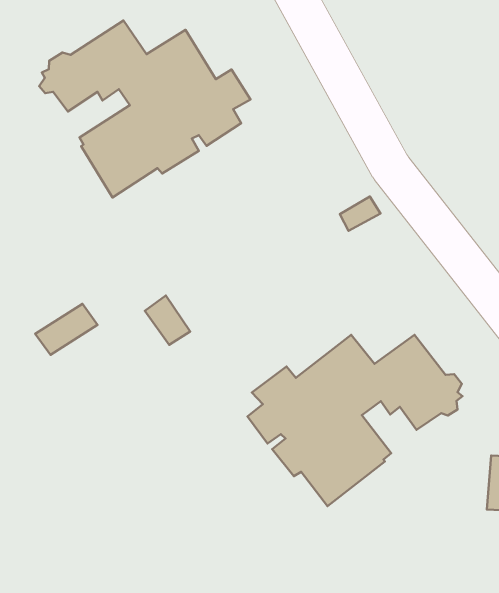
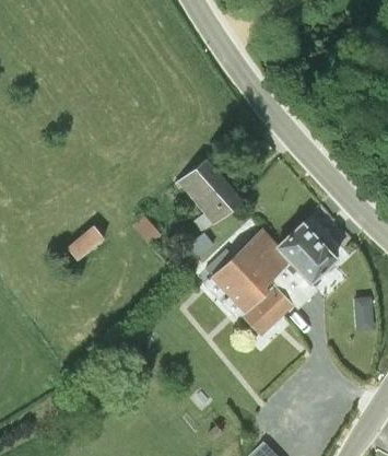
building: [39,21,251,197] -> none
building: none -> [167,159,243,274]

